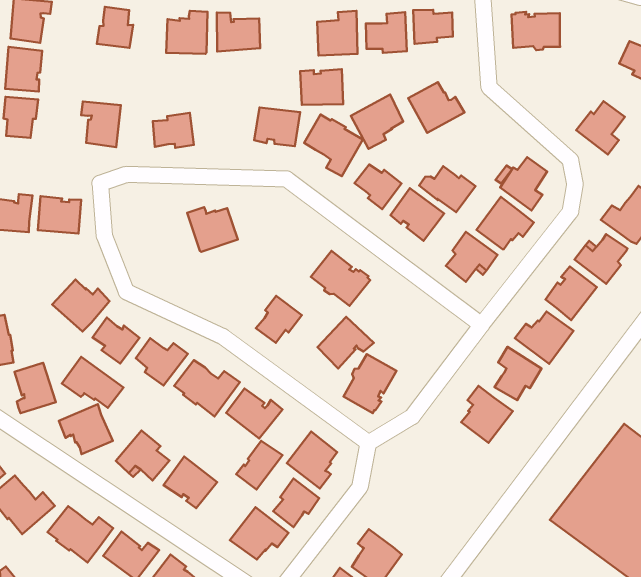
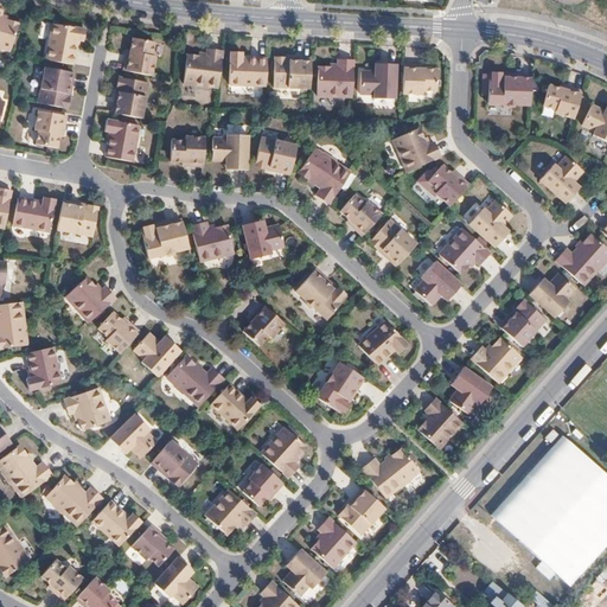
building: none -> [543,85,581,119]
building: none -> [113,76,149,117]
building: [300,69,343,105] -> [274,56,312,88]
building: [351,94,403,149] -> none
building: none -> [212,133,249,168]
building: [419,166,476,212] -> [420,164,469,205]
building: none -> [243,221,286,258]
building: none -> [141,219,190,258]
building: [318,317,374,368] -> [358,319,408,364]
building: [62,357,123,408] -> none
building: [236,441,282,489] -> none
building: none -> [362,447,420,497]
building: none -> [334,483,379,530]

